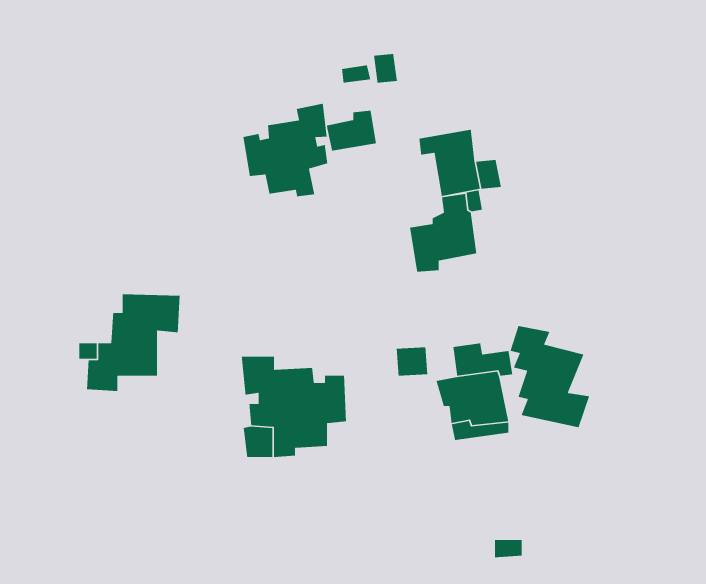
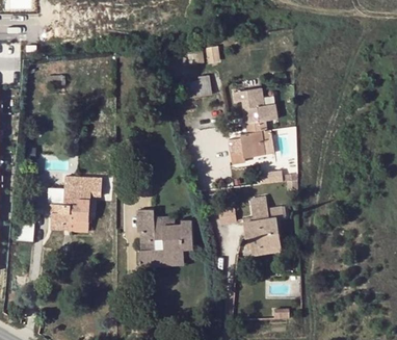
building: [242,103,328,197] -> none
building: [509,325,590,428] -> none

